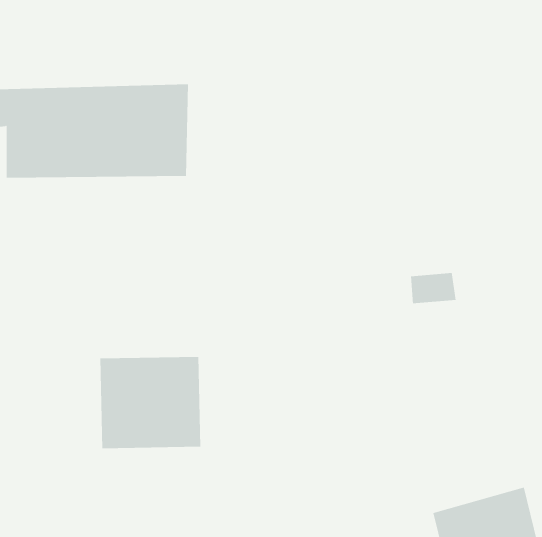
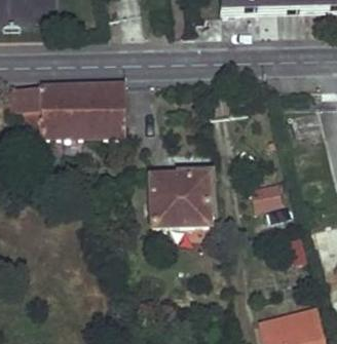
building: [100,356,201,449] -> [153,178,210,229]

